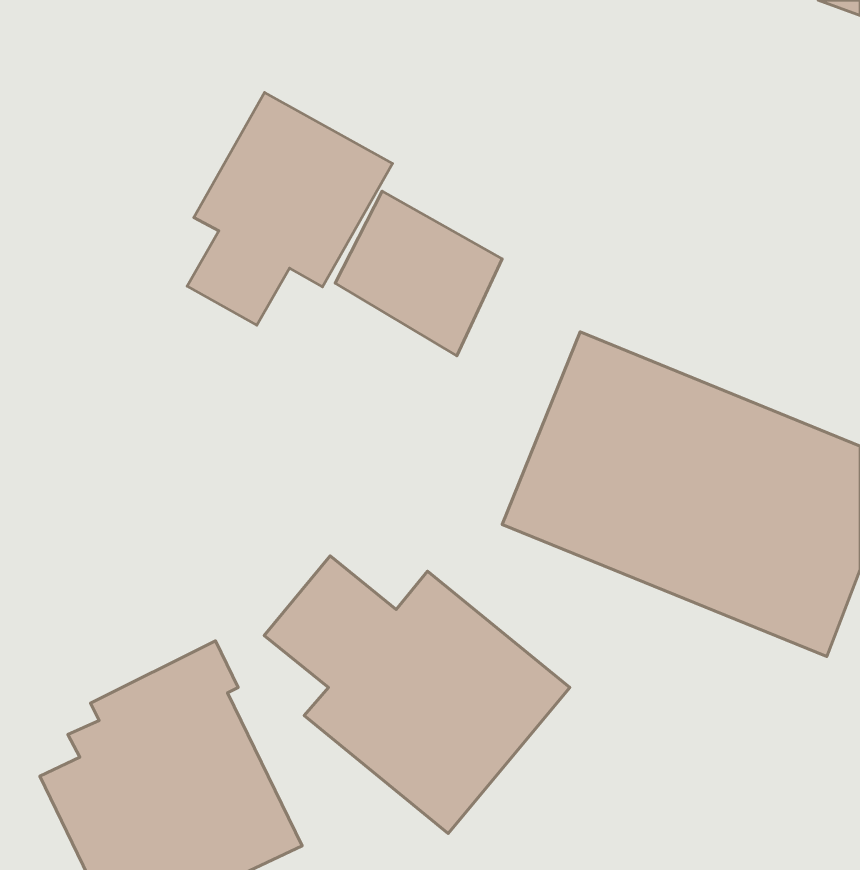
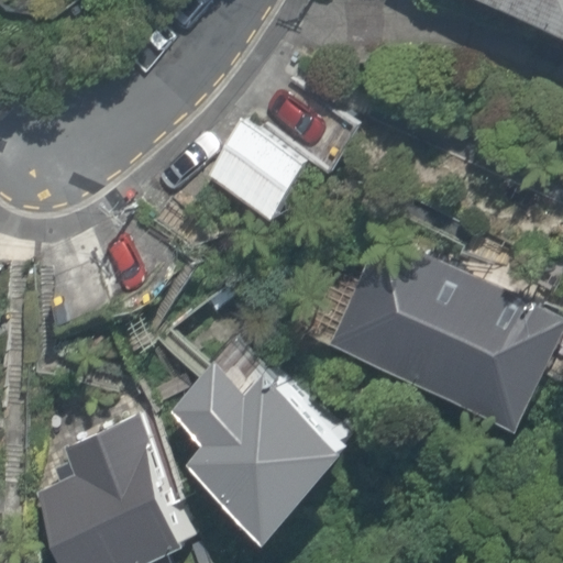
building: [187,93,392,325] -> none

